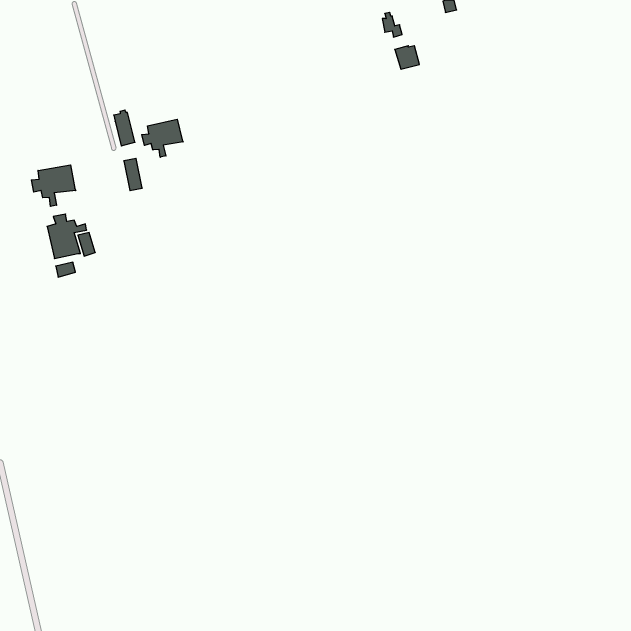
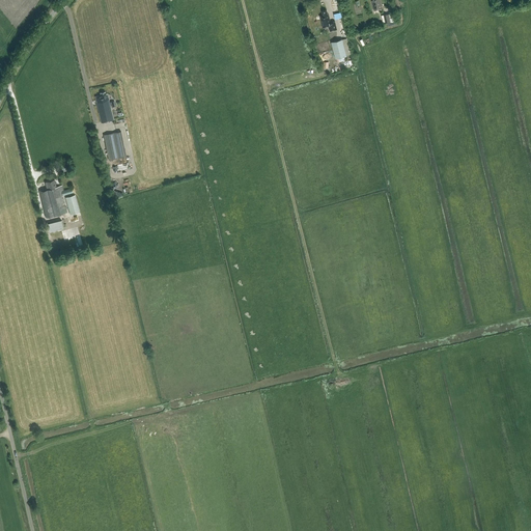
building: [142,119,183,157] -> none
building: [31,165,76,206] -> none

